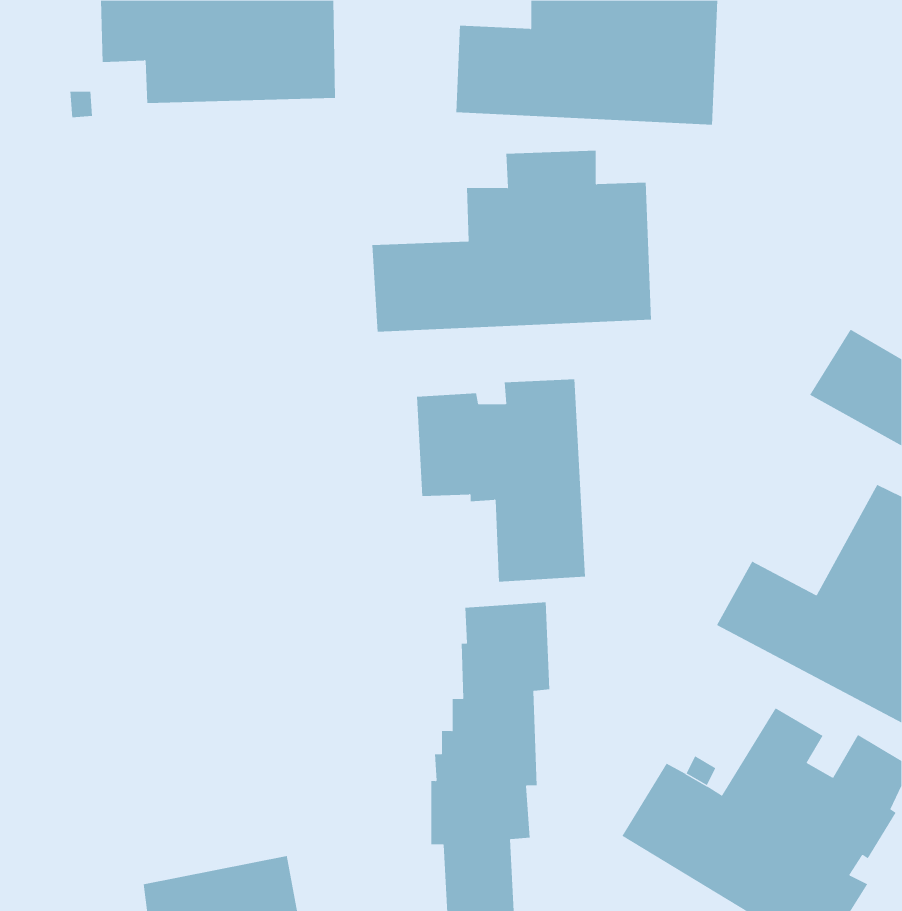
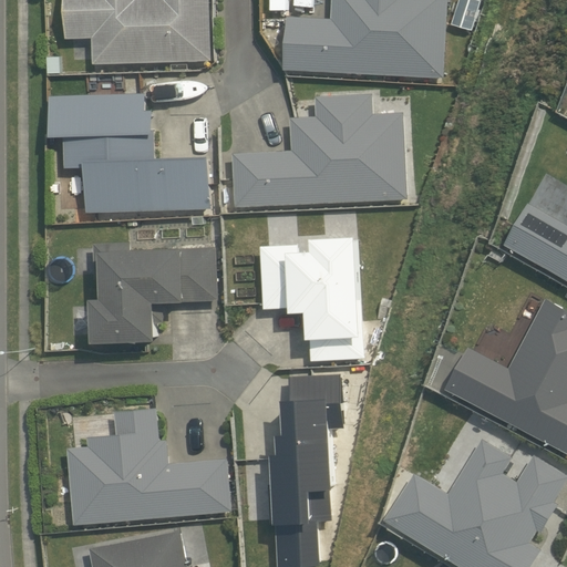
building: none -> [48,94,209,214]
building: none -> [92,243,215,343]
building: none -> [65,408,229,526]

